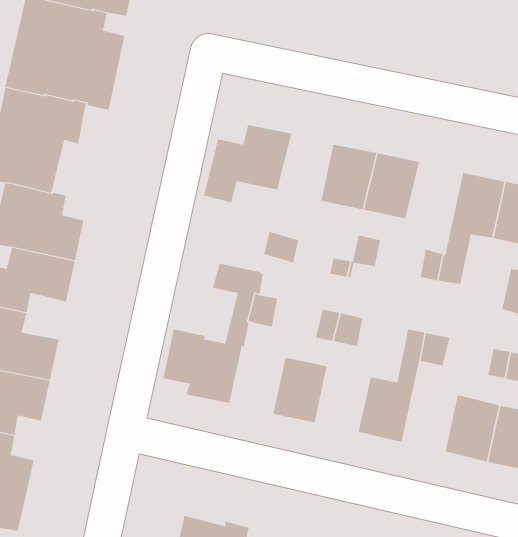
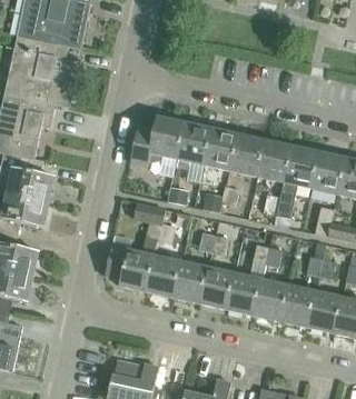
building: none -> [176,121,210,163]
building: none -> [256,139,291,181]
building: none -> [146,255,180,297]
building: none -> [199,267,234,308]
building: none -> [254,279,288,320]

